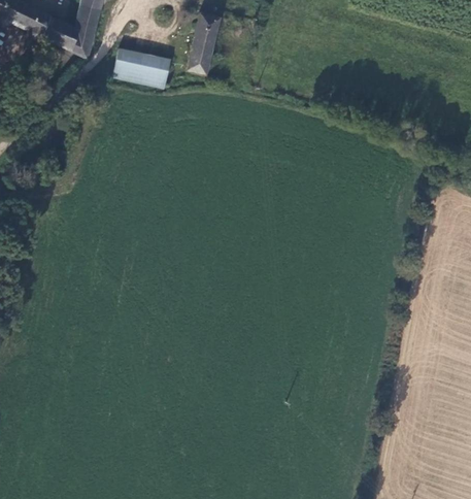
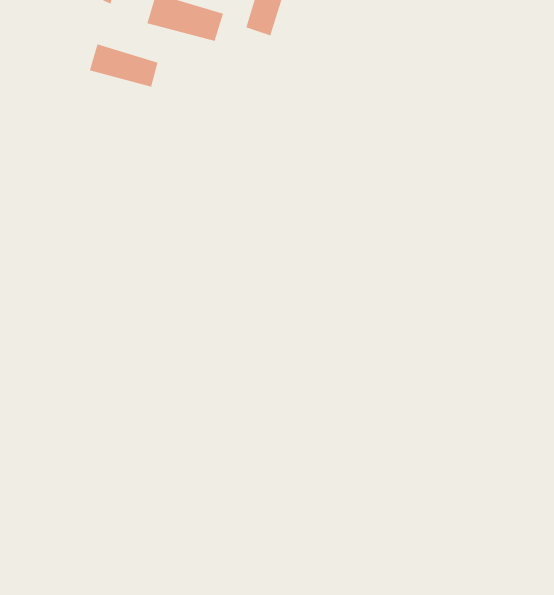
building: none -> [89,43,158,87]

